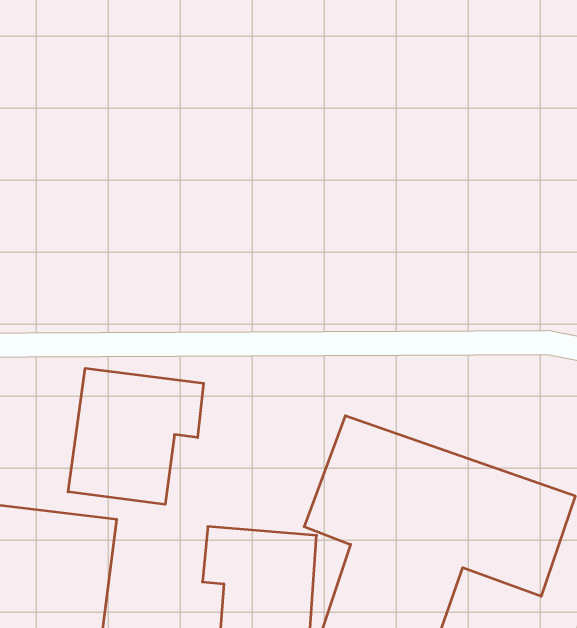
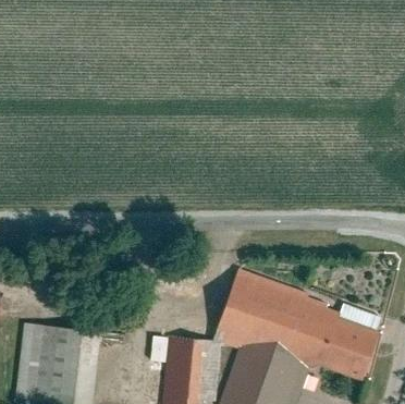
building: [68,368,204,504] -> none

